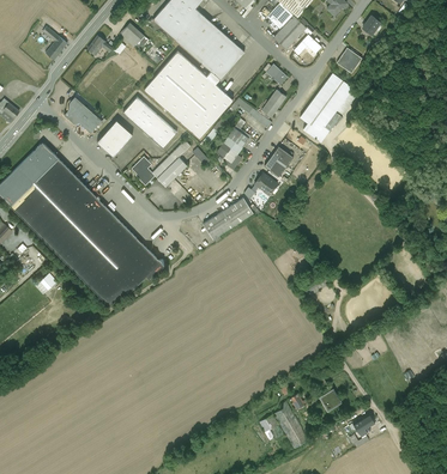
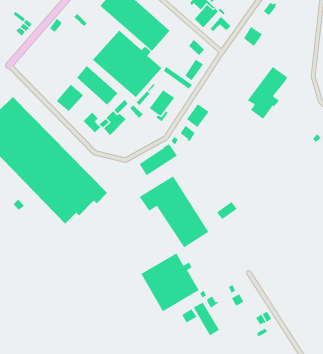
building: [300,74,352,142] -> [247,66,288,119]
building: [62,98,101,135] -> none
building: none -> [139,175,210,248]
building: none -> [140,252,199,312]

